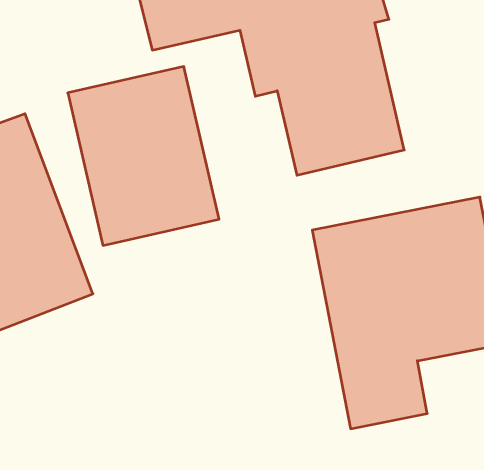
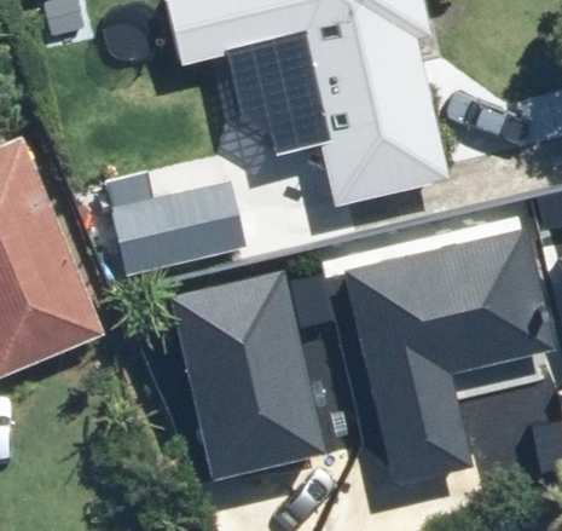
building: none -> [161,276,297,443]

